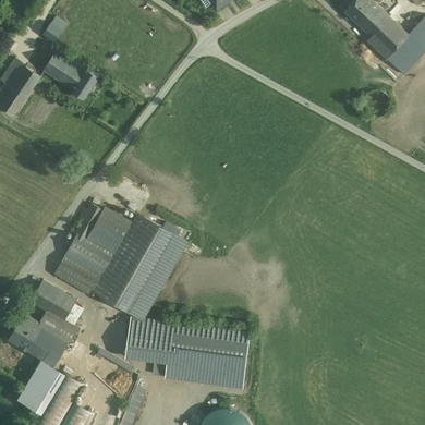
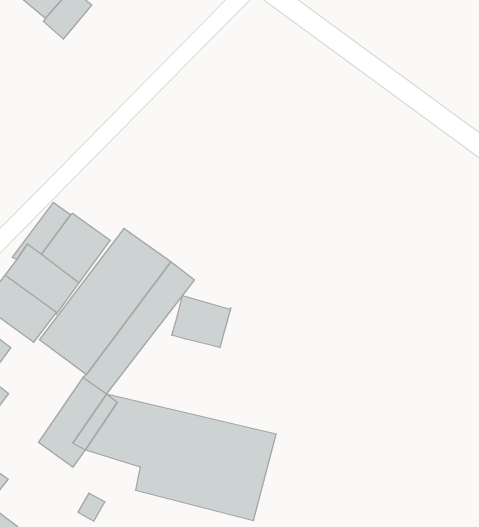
building: none -> [172,295,231,348]

